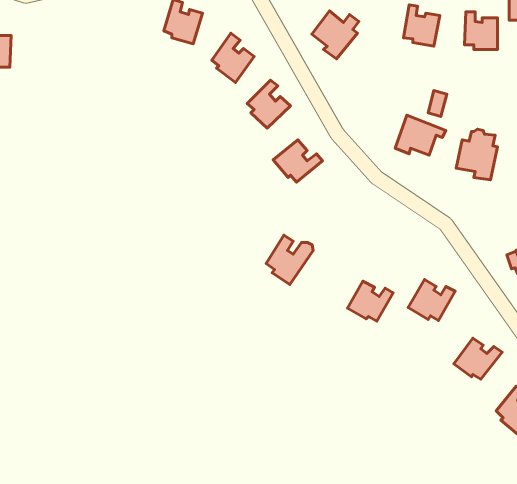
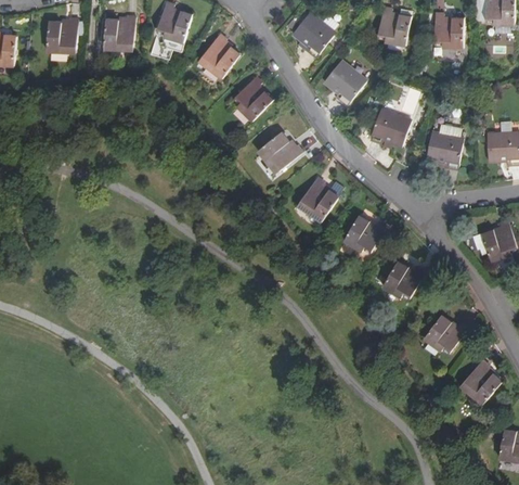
building: none -> [104,15,135,50]
building: none -> [48,17,78,52]
building: none -> [323,60,366,104]
building: [266,235,313,285] -> [299,176,342,221]
building: [347,281,393,321] -> [343,215,386,252]

